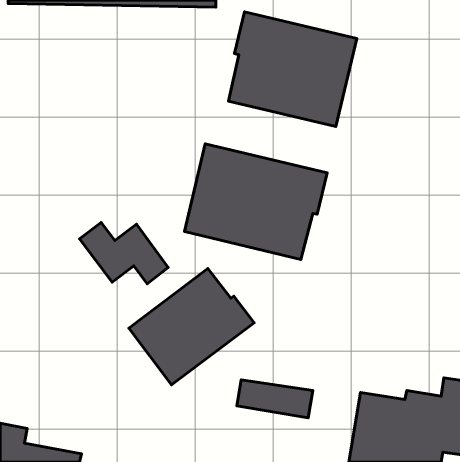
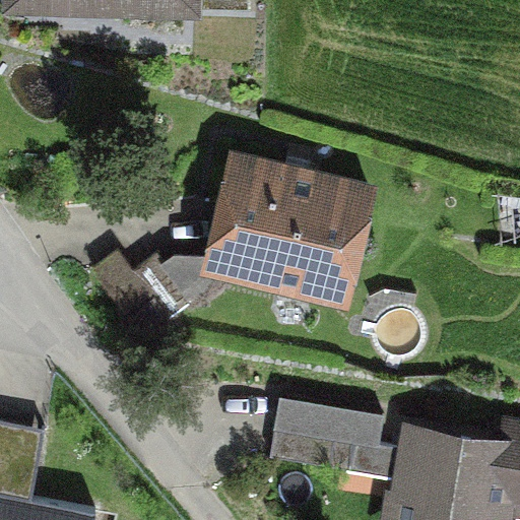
building: [228,12,357,126] -> none
building: [129,269,254,385] -> none

